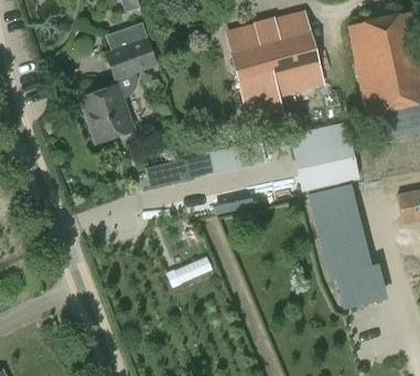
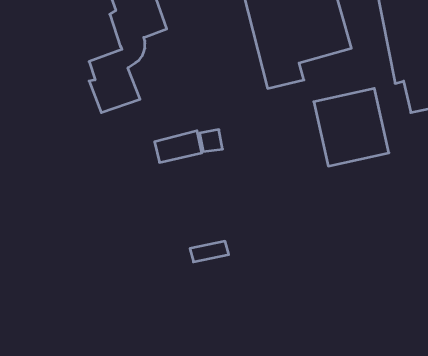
building: [305,183,387,308] -> none

